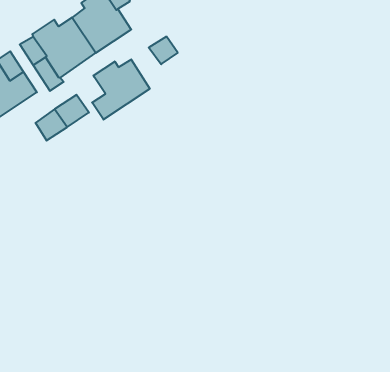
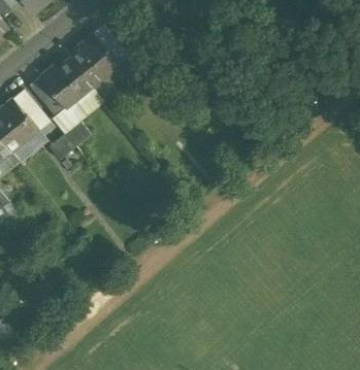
building: [92,59,150,120] -> none

